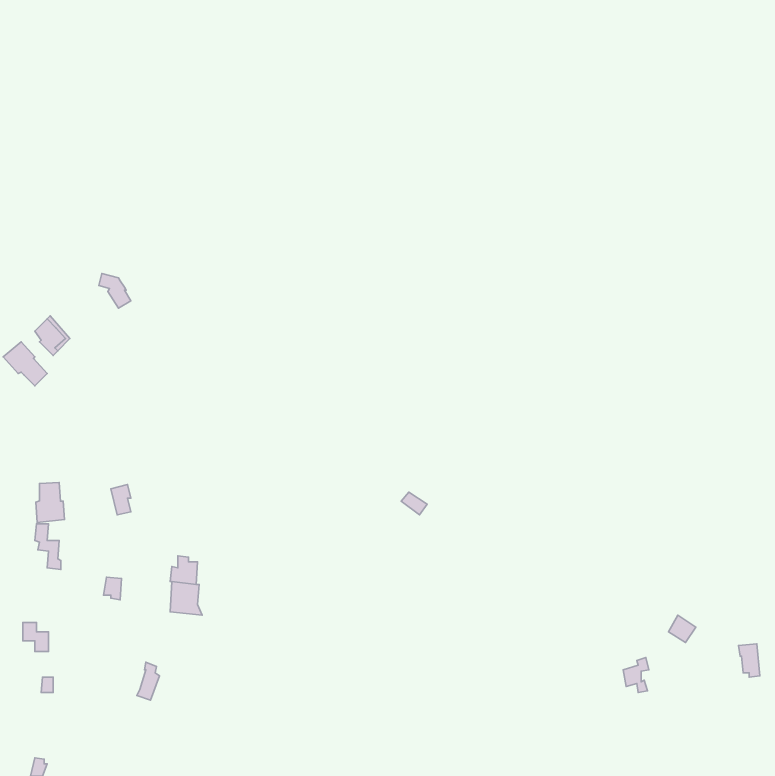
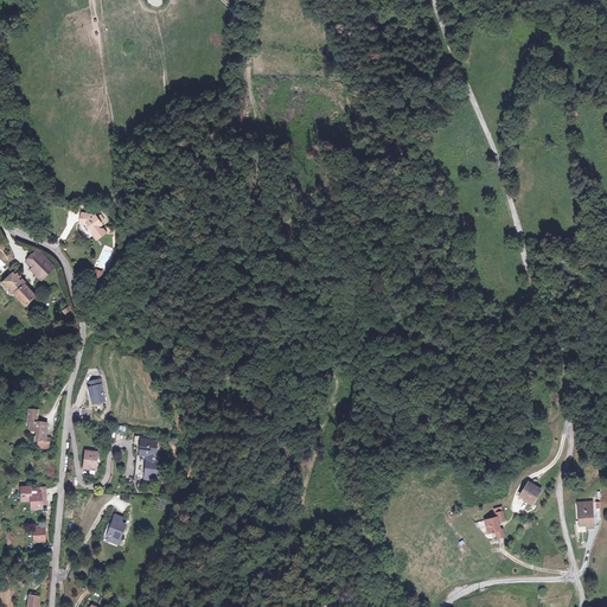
building: [36,483,64,522] -> none

